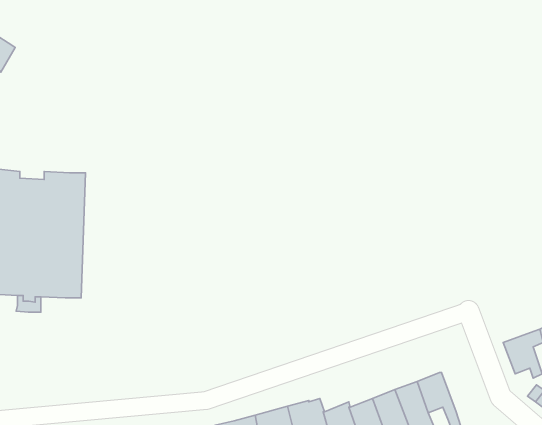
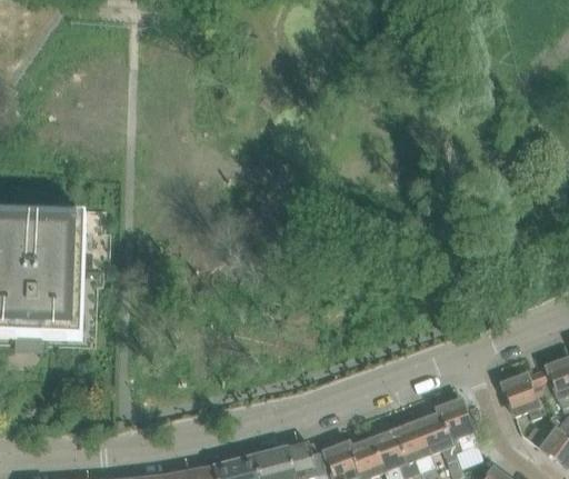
building: none -> [437,399,477,451]

